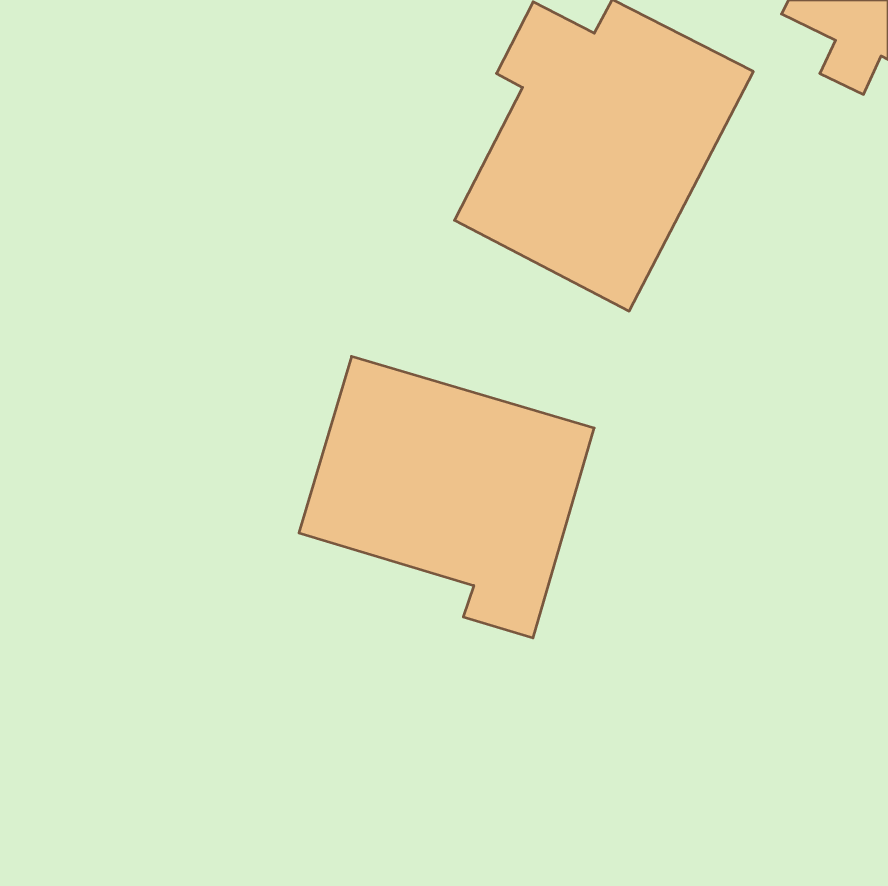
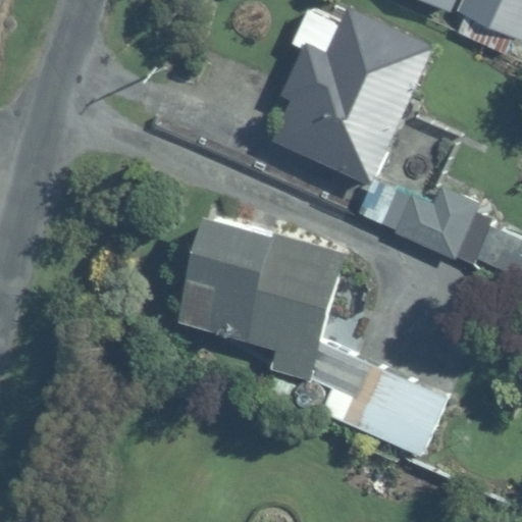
building: none -> [361,181,475,258]
building: none -> [323,365,450,458]

